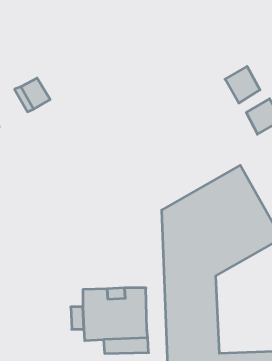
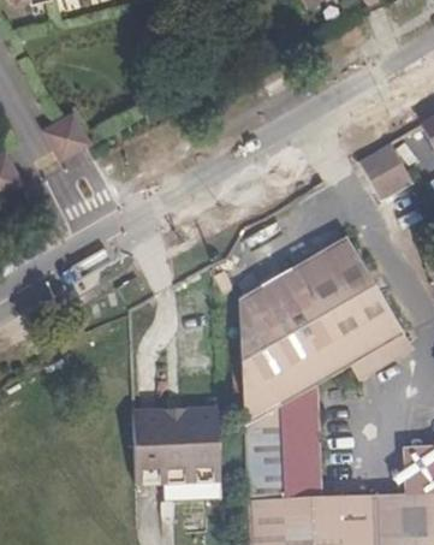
building: [225,66,260,103] -> none

